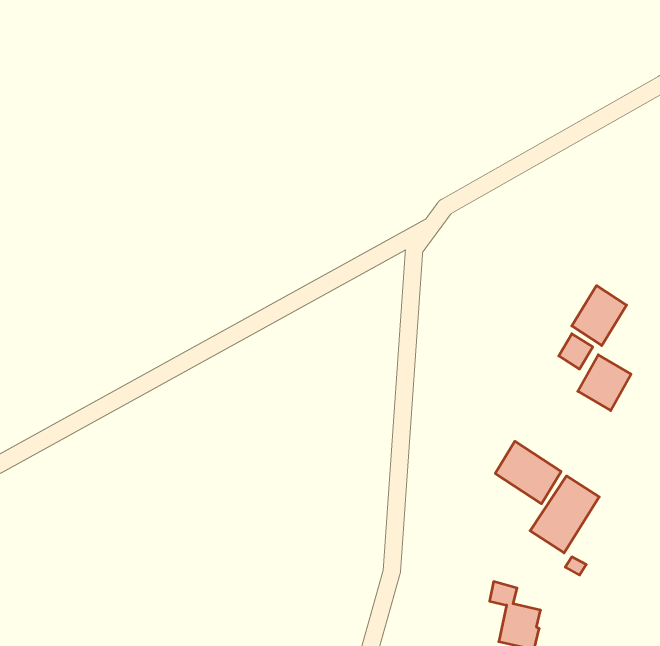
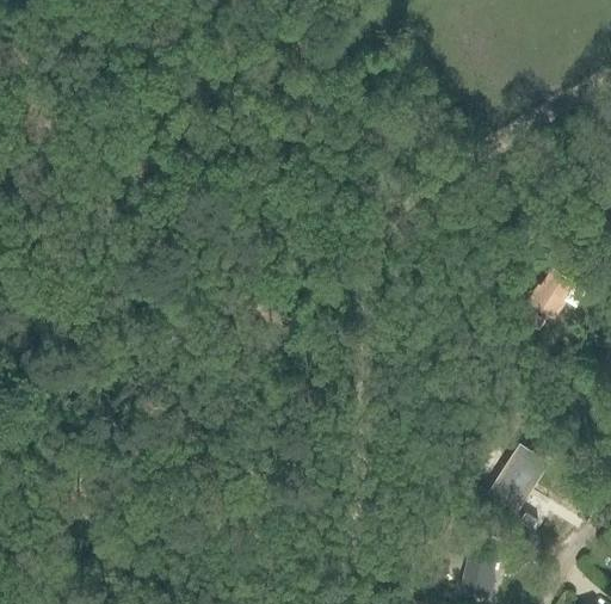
building: [578,355,631,411] -> none
building: [495,441,561,504] -> none

